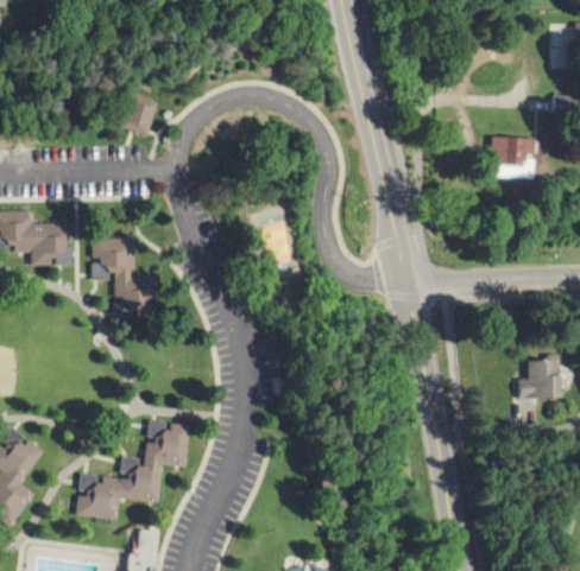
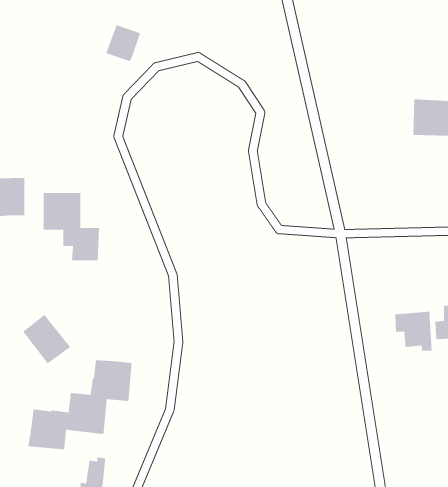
building: [114,94,153,135] -> [105,24,141,62]
building: none -> [394,311,432,352]
building: none -> [22,314,71,365]

